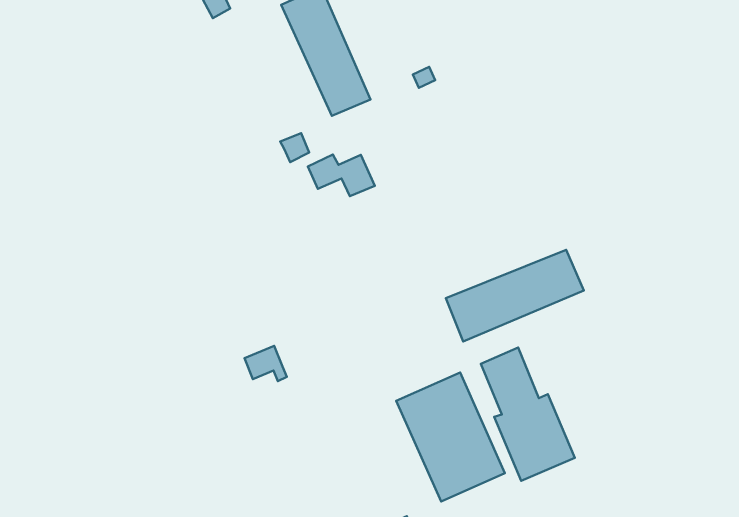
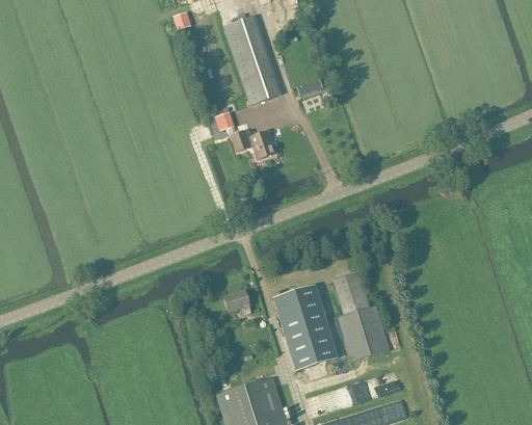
building: [446,250,584,341] -> none
building: [244,346,287,381] -> [223,290,250,314]

